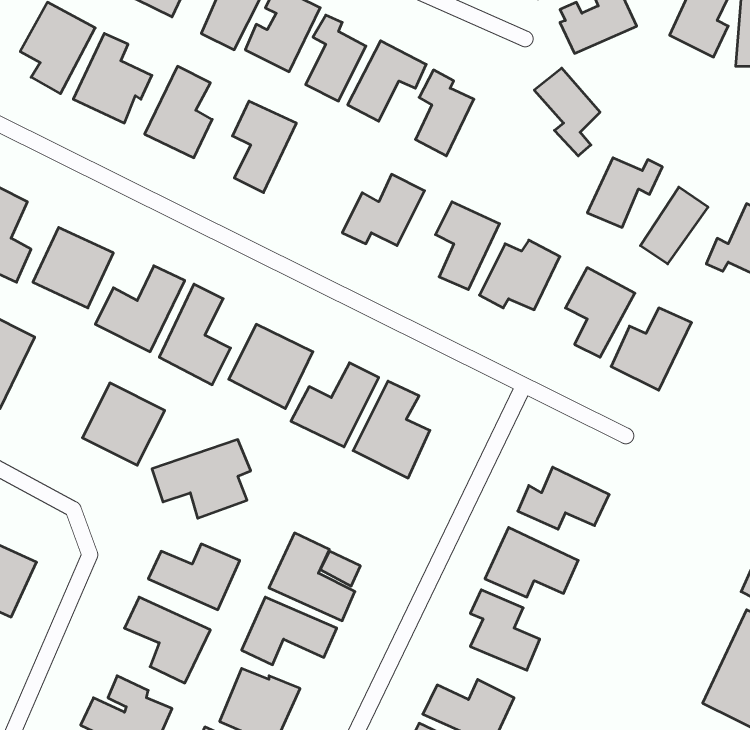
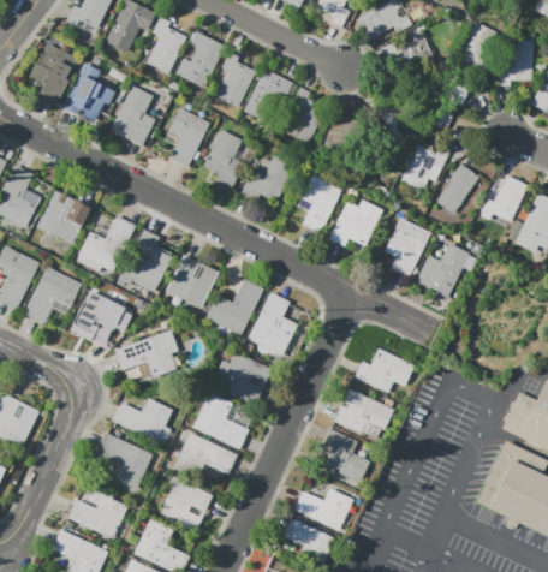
building: none -> [324,114,369,155]
building: none -> [203,131,243,189]
building: none -> [23,267,83,324]
building: none -> [212,352,270,405]

